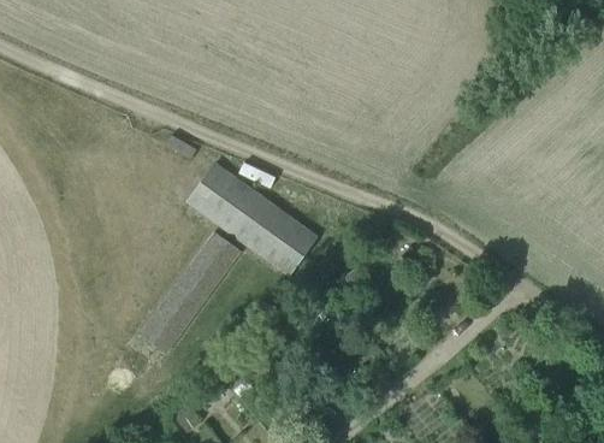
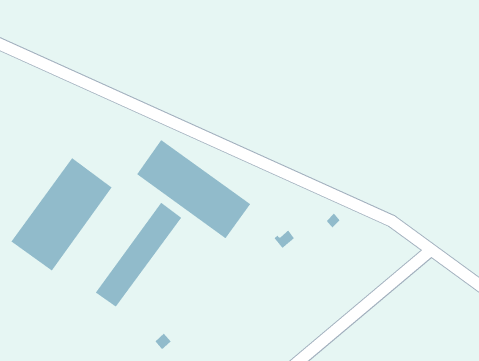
building: none -> [11,157,112,271]

